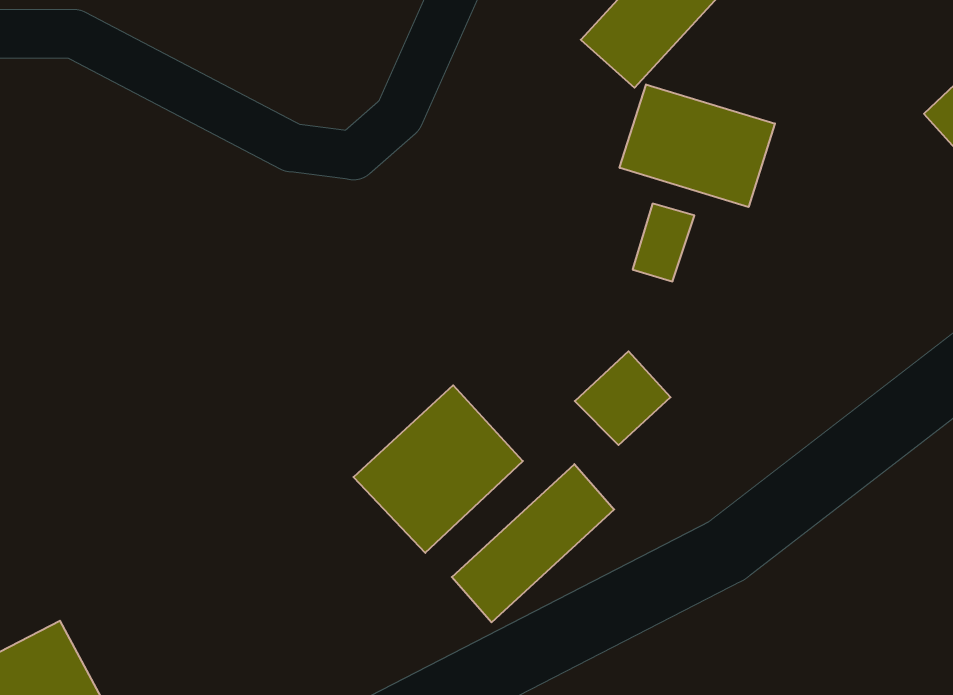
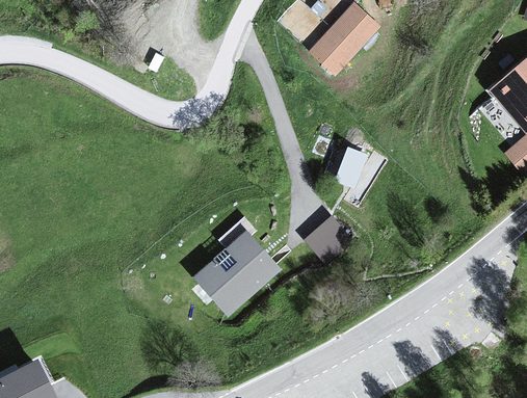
building: [620,84,775,207] -> none
building: [452,464,614,622] -> none

